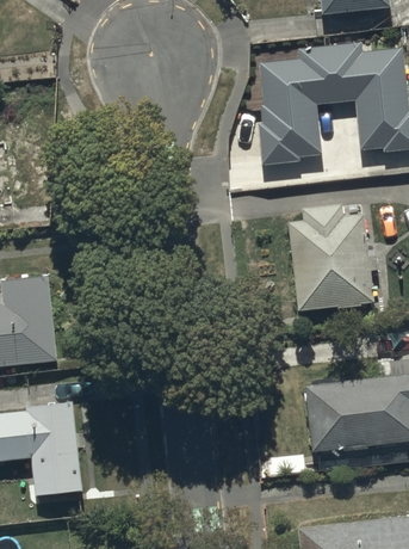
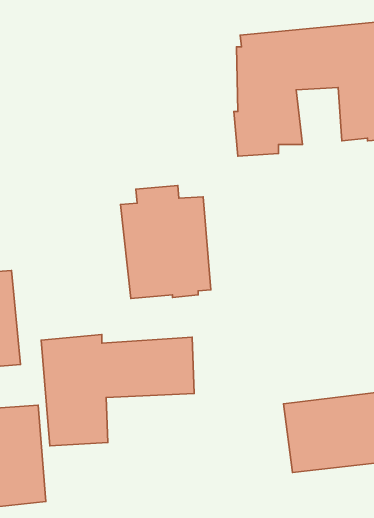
building: [287,202,372,308] -> [121,186,211,299]
building: none -> [41,335,194,446]

